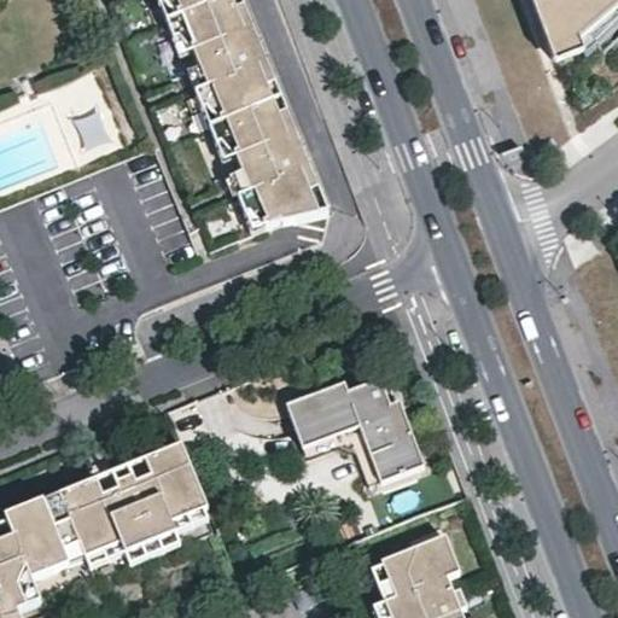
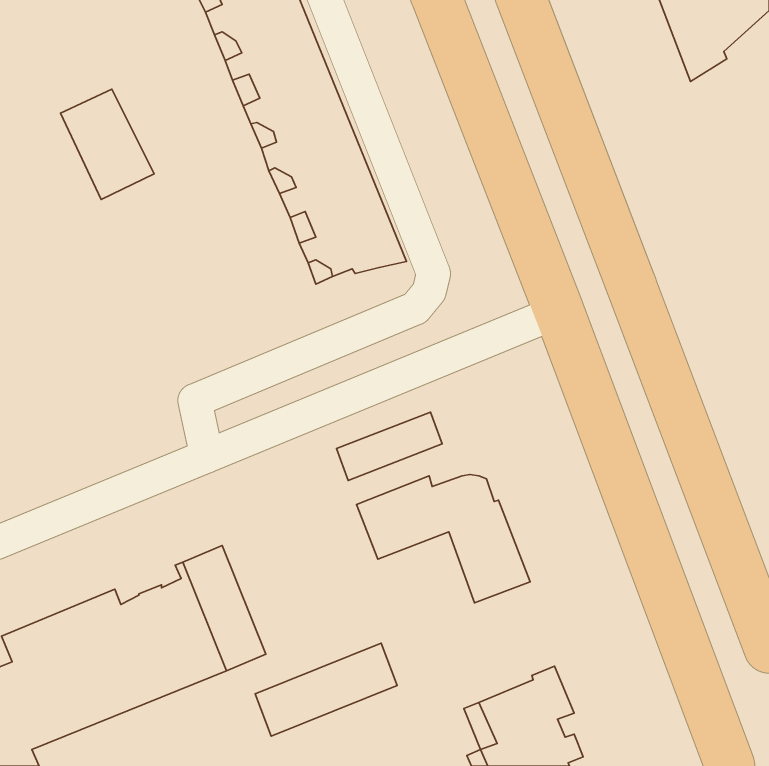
building: none -> [337,412,442,480]
building: none -> [255,643,397,736]

